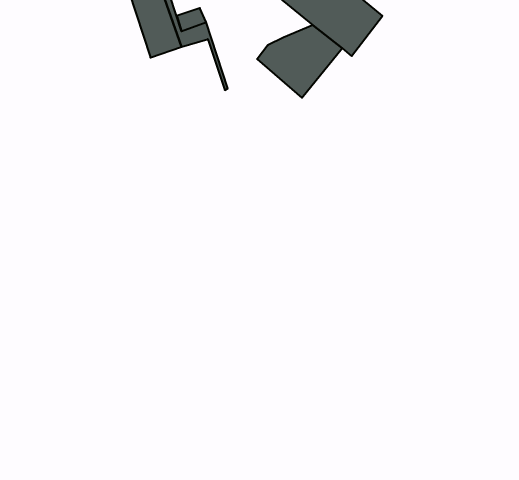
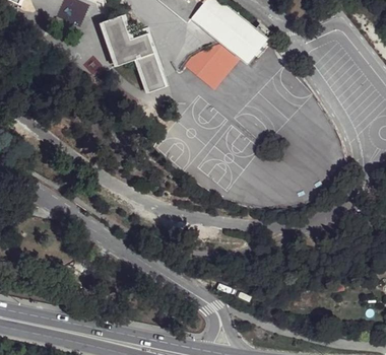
building: none -> [135,53,164,92]

